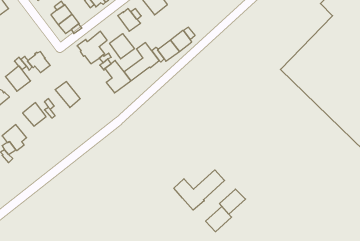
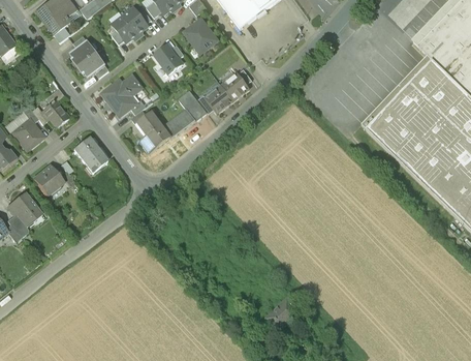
building: [110,34,134,59] -> none
building: [174,170,225,210] -> none
building: [220,189,246,214] -> none

